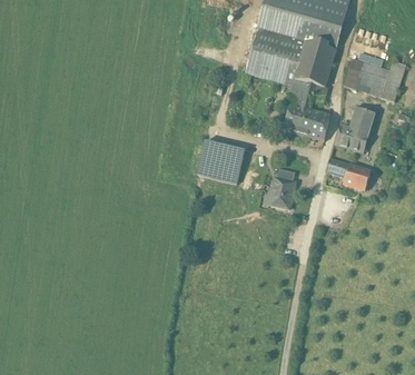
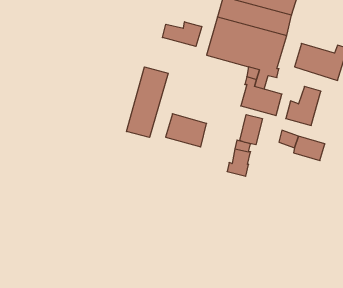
building: none -> [162,22,202,46]
building: none -> [127,67,168,137]
building: none -> [240,115,262,145]

